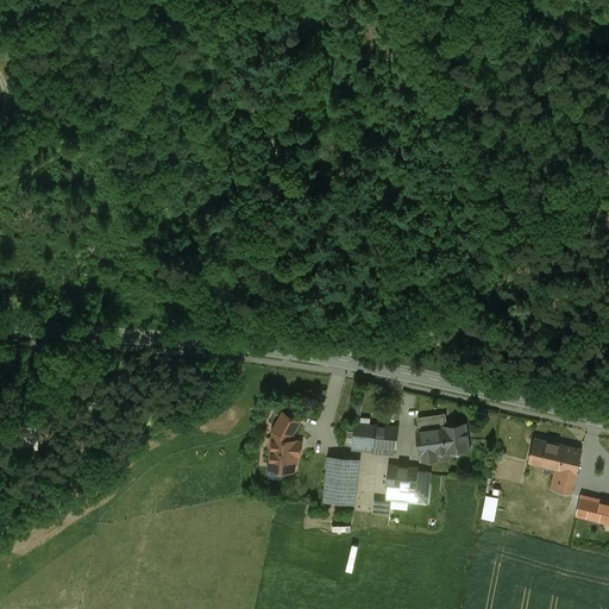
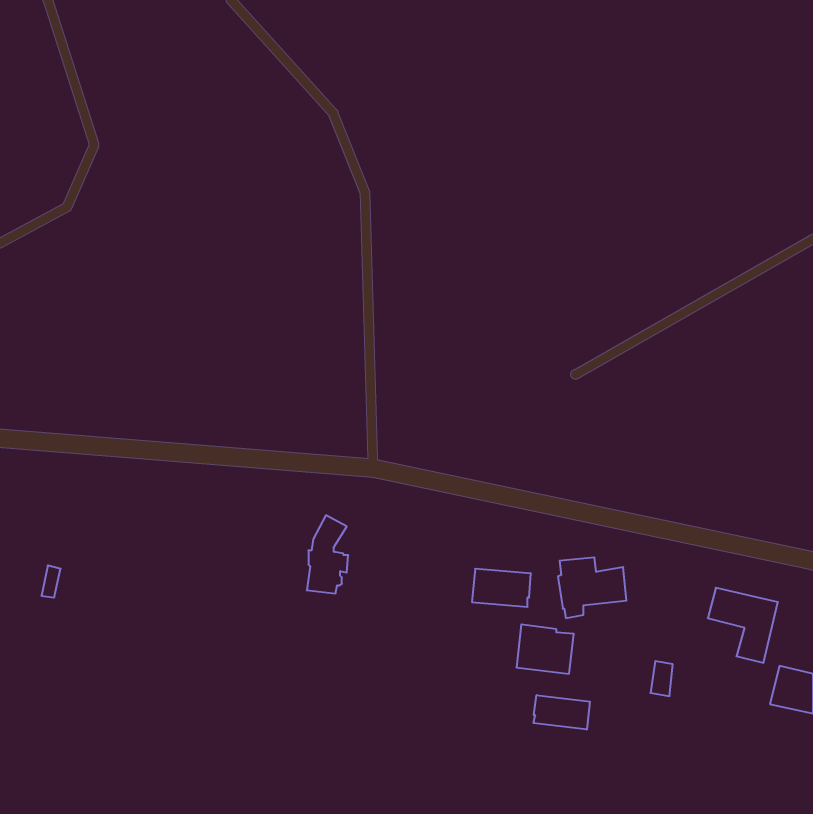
building: [269,413,300,471] -> [307,515,348,593]
building: [324,457,358,503] -> none
building: none -> [534,695,590,730]

